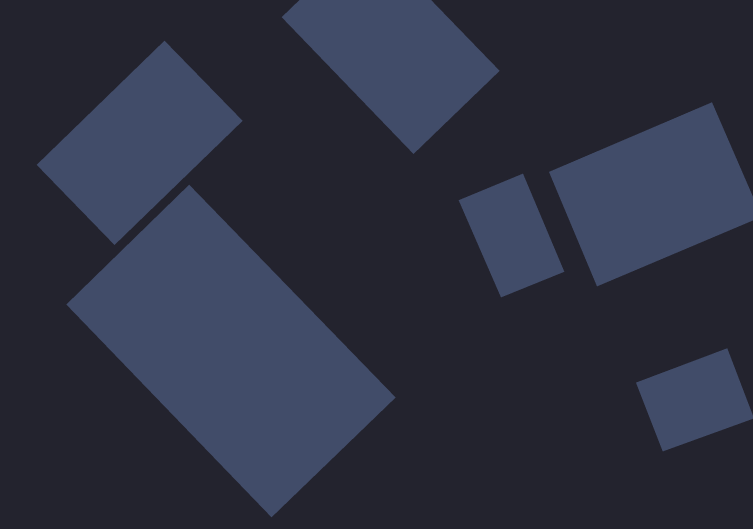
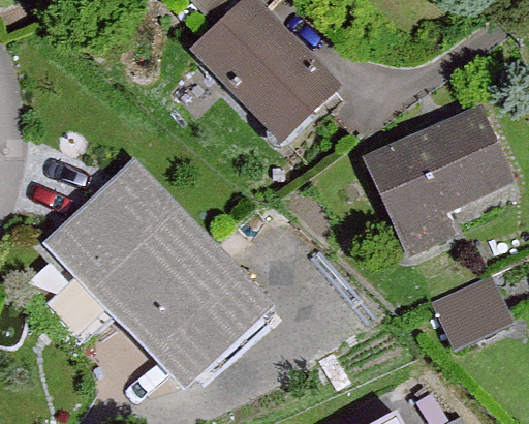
building: [36,40,243,246] -> none
building: [457,172,565,298] -> none

